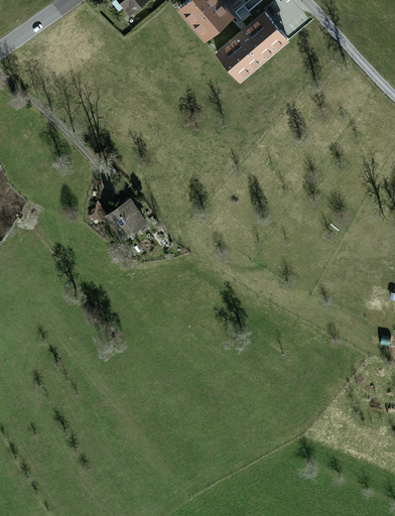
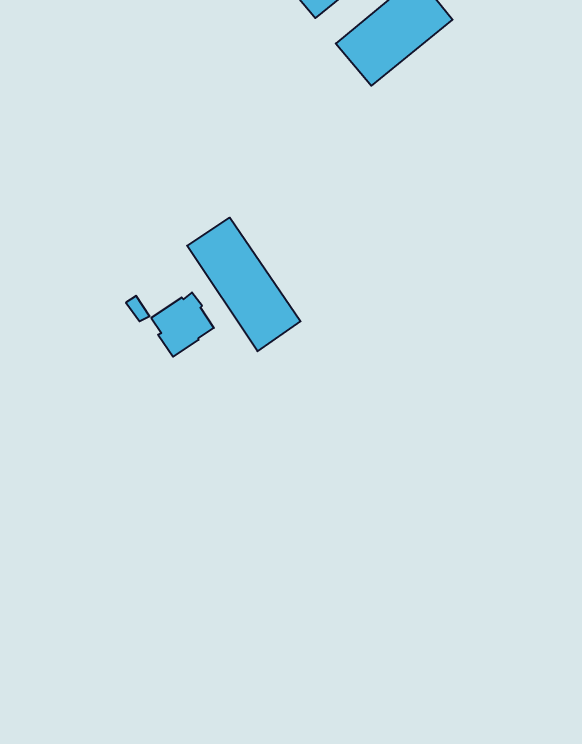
building: none -> [187,218,301,351]

